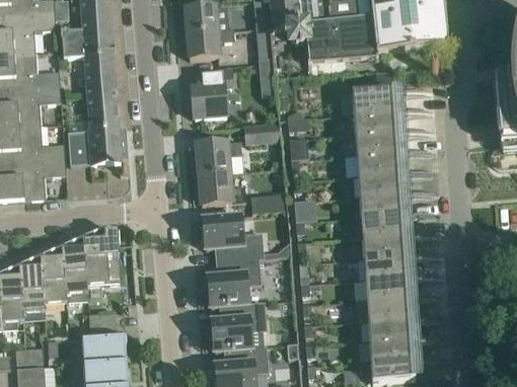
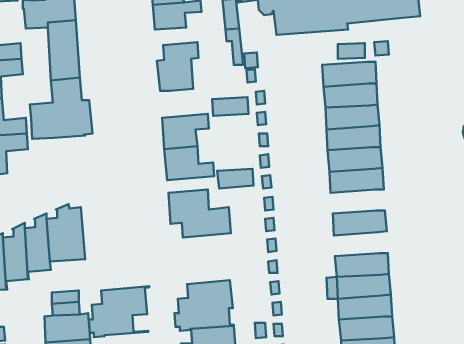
building: [360,214,413,237] -> none
building: [363,254,416,279] -> none
building: [204,256,263,306] -> [89,286,149,337]

